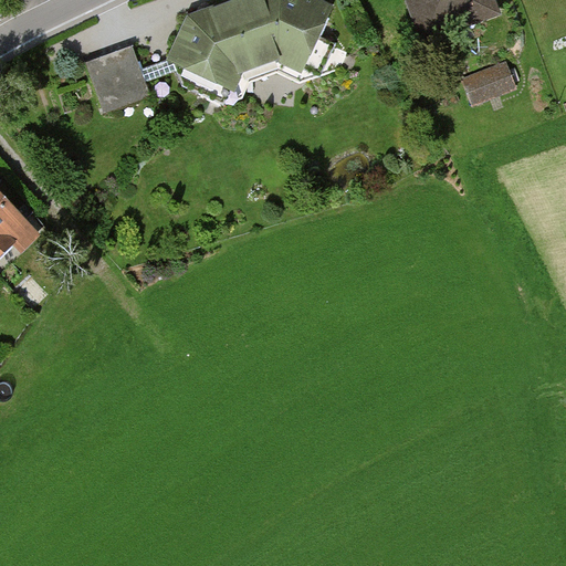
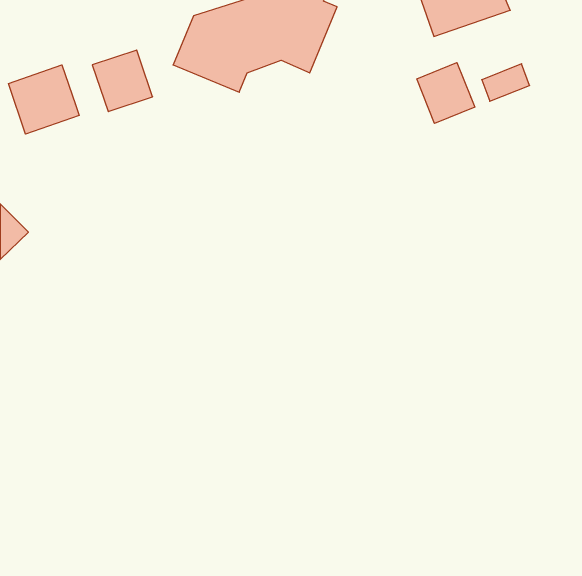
building: none -> [417,63,475,123]
building: none -> [8,65,79,134]

